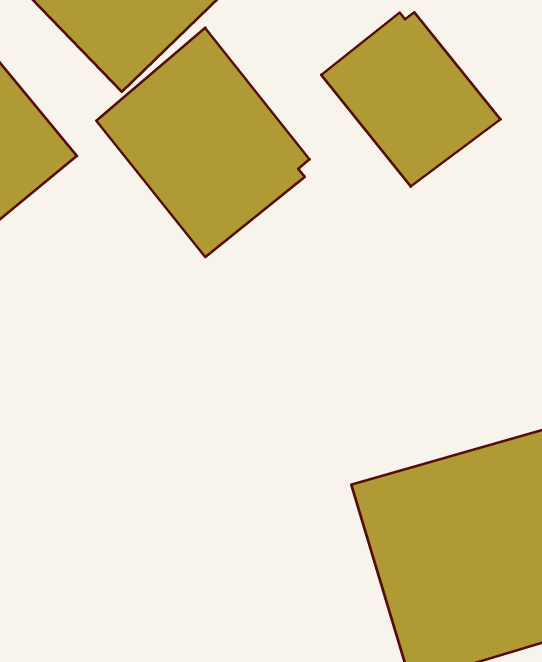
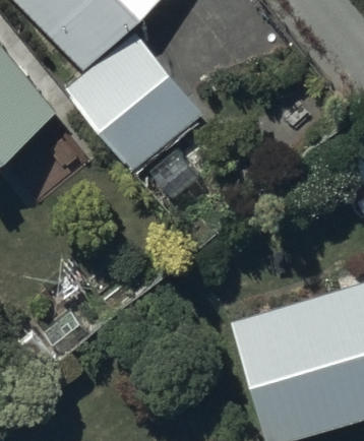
building: [321,12,501,187] -> none

